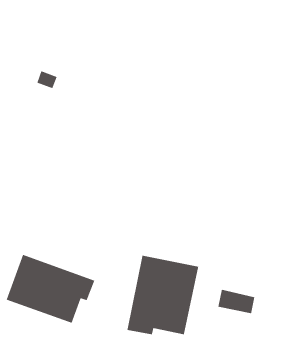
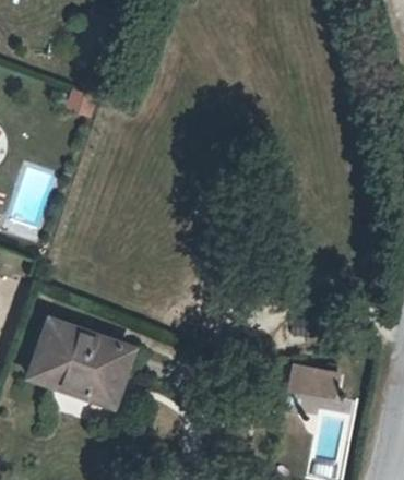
building: [127,255,199,335] -> none

